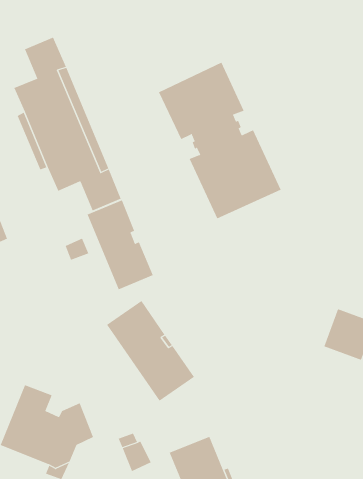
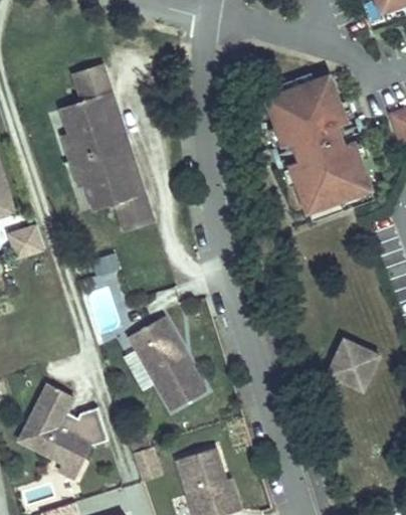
building: [158,62,281,219] -> [267,75,374,221]
building: [87,200,154,290] -> none

